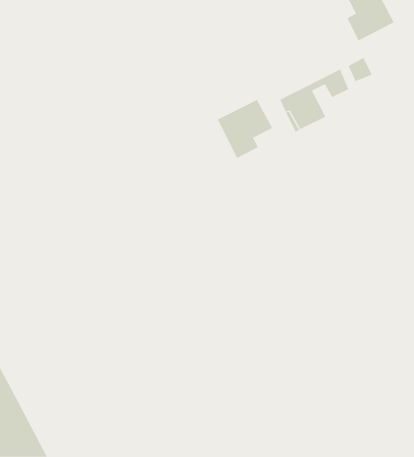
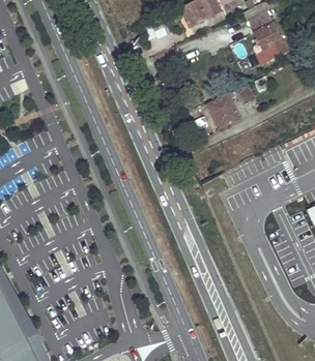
building: [217,99,273,159] -> none

